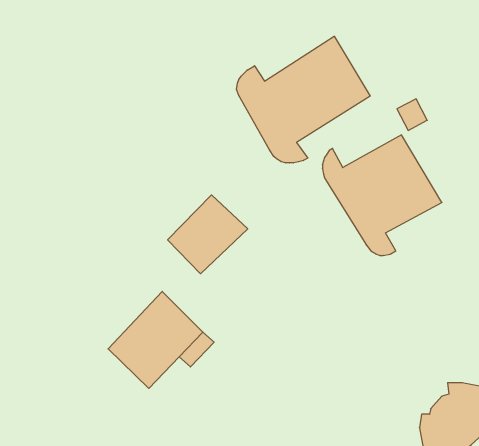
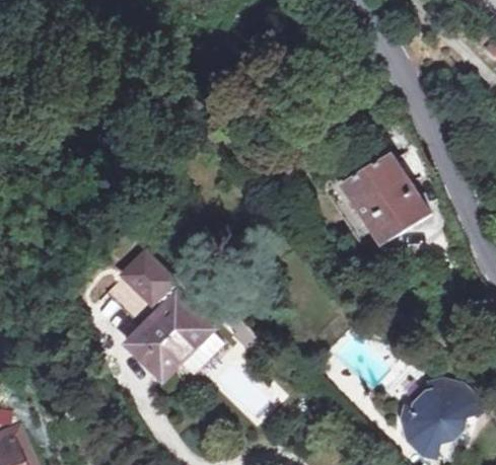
building: [237,36,370,163] -> none
building: [168,195,248,274] -> [105,249,178,320]

